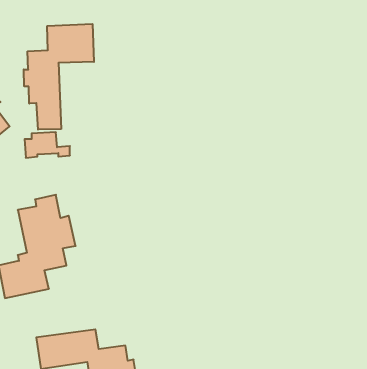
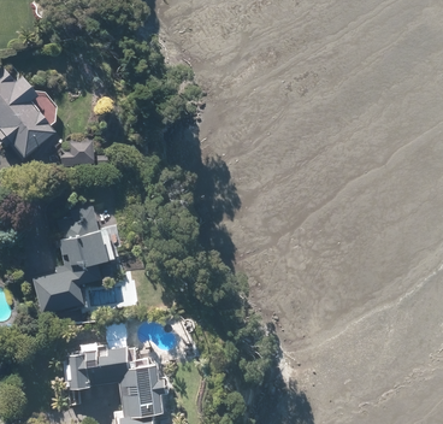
building: [24,24,94,130] -> none

